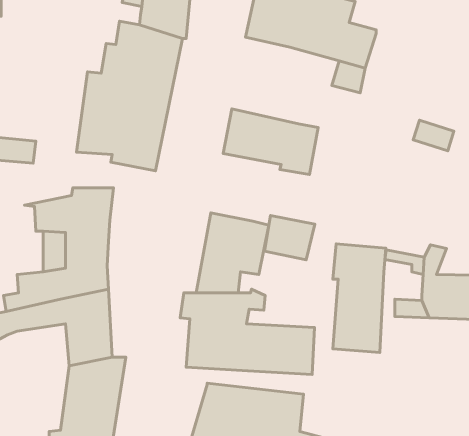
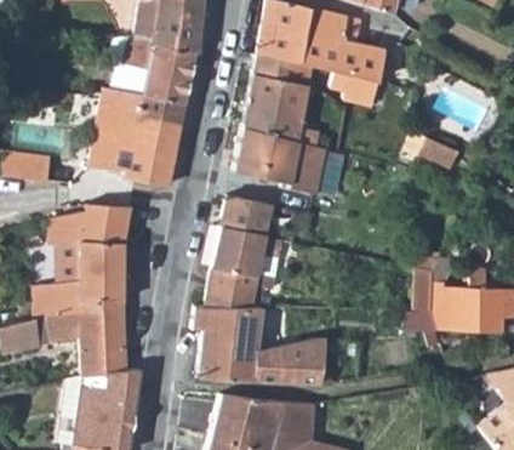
building: none -> [244,56,312,141]
building: [264,215,315,260] -> [223,193,273,237]
building: [333,244,386,353] -> none

